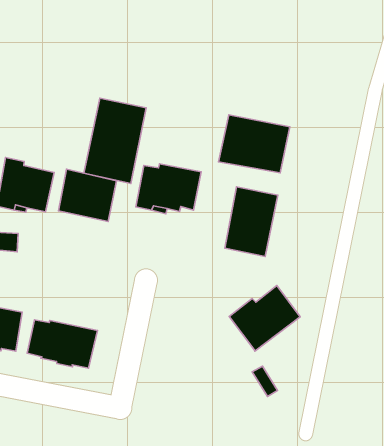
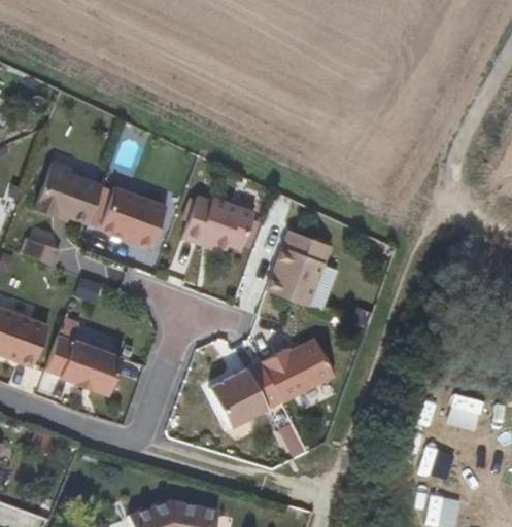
building: [84,98,146,183] -> none
building: [219,115,290,173] -> none
building: none -> [210,364,281,429]

